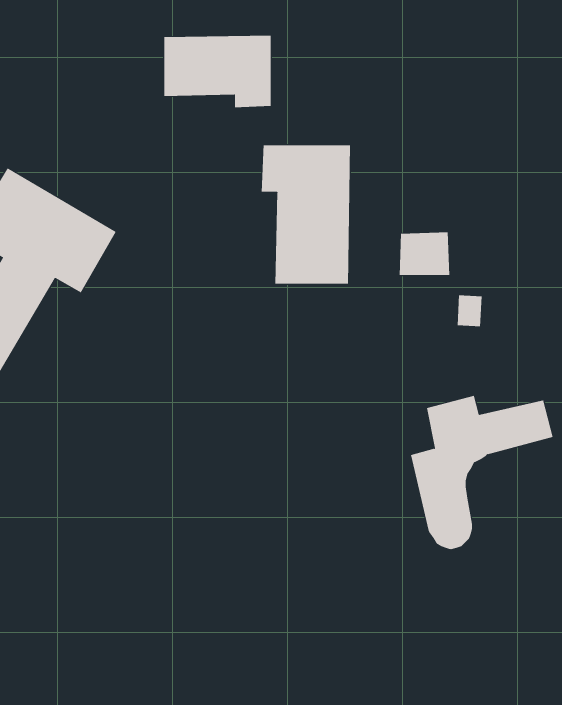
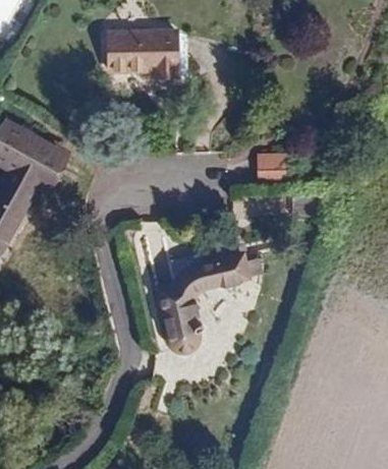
building: [261,145,351,284] -> none
building: [410,395,554,550] -> [156,253,246,351]

